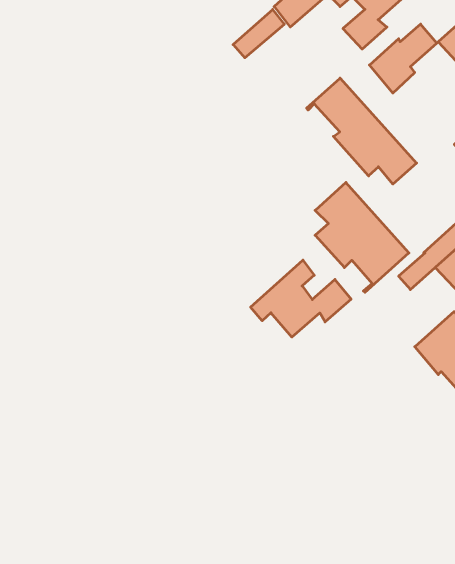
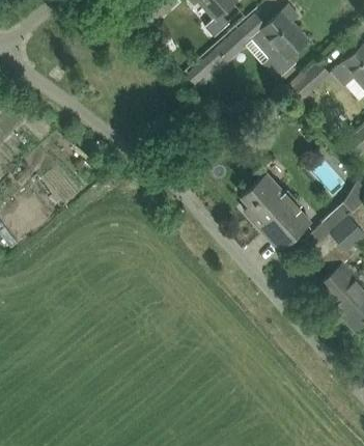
building: [307,78,417,184] -> none
building: [251,260,351,337] -> none

